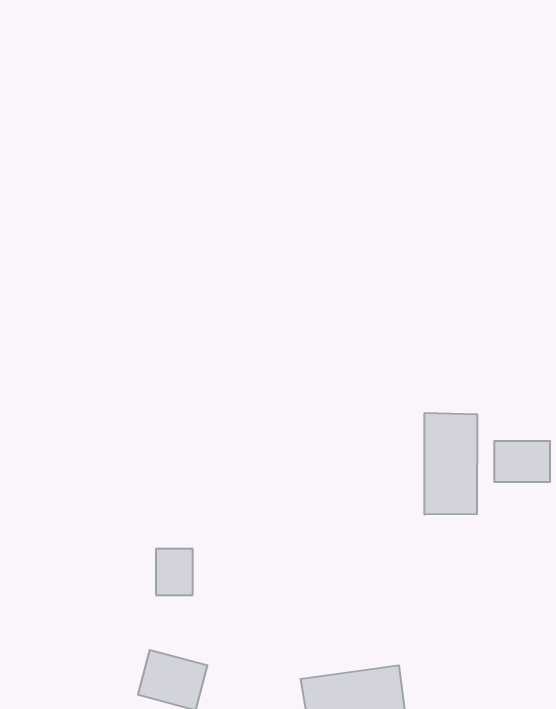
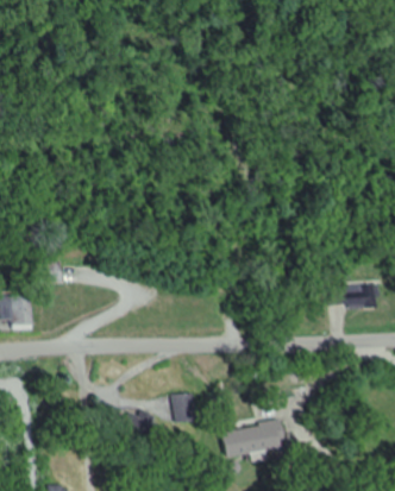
building: [425,413,477,515] -> none
building: [156,549,193,595] -> [174,394,196,422]

